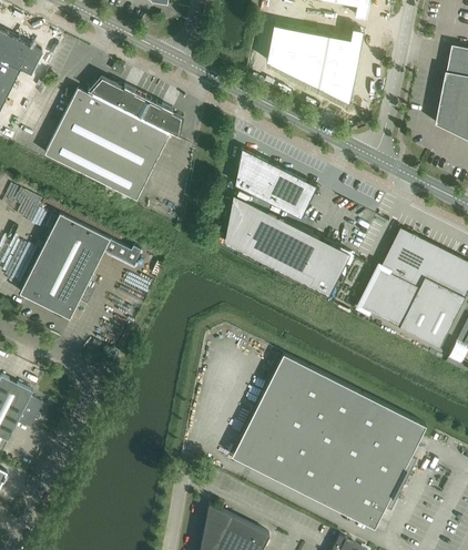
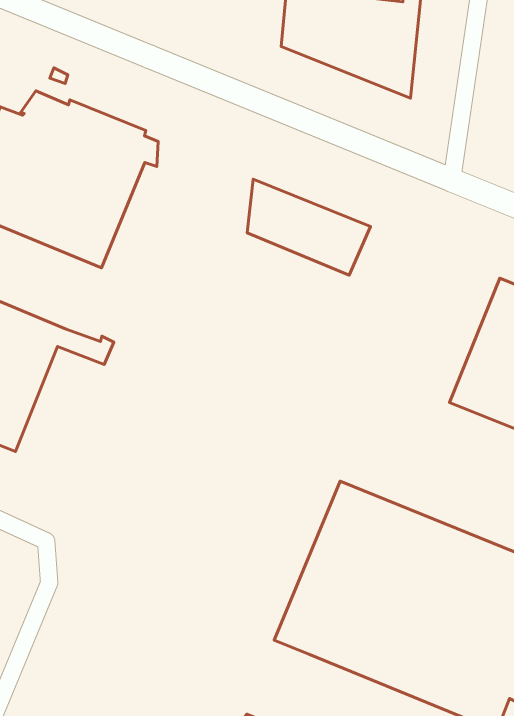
building: [223,194,349,296] -> none

